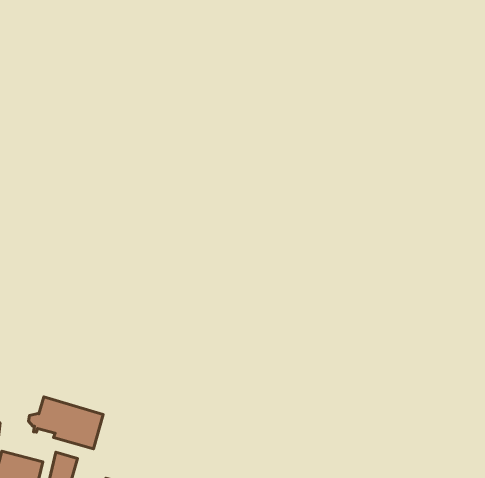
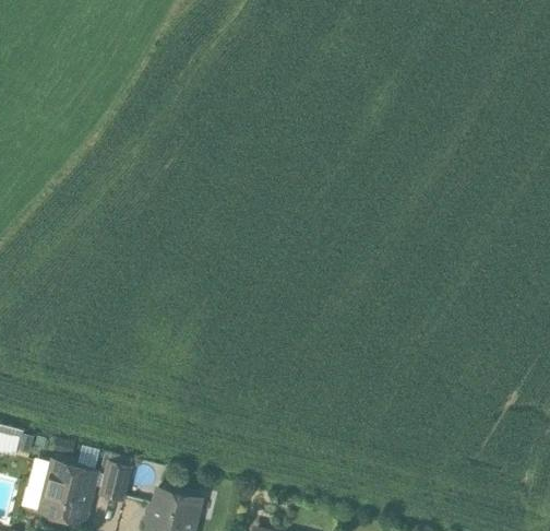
building: [29,397,103,449] -> none

